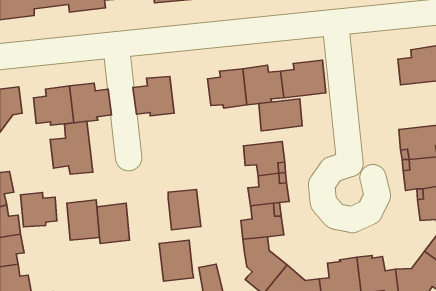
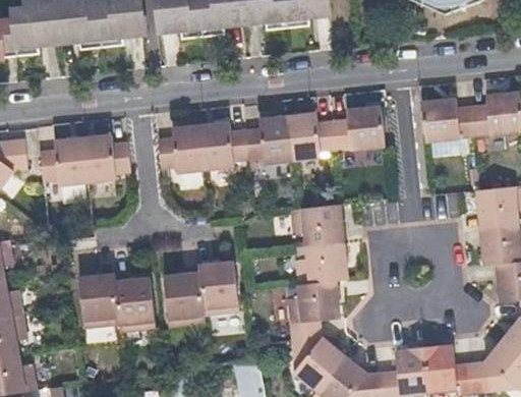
building: none -> [422,98,475,143]
building: none -> [201,124,250,171]
building: [259,99,302,131] -> none
building: [50,121,93,174] -> none
building: [20,193,57,227] -> none
building: [159,240,193,281] -> [164,272,205,321]

